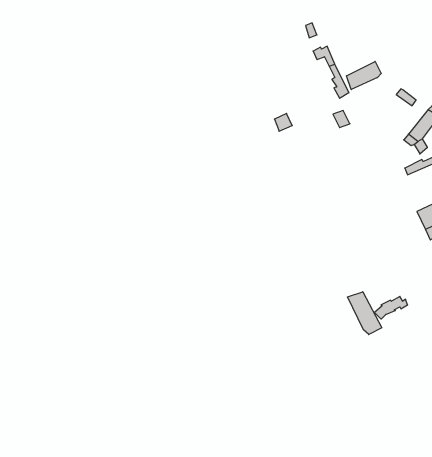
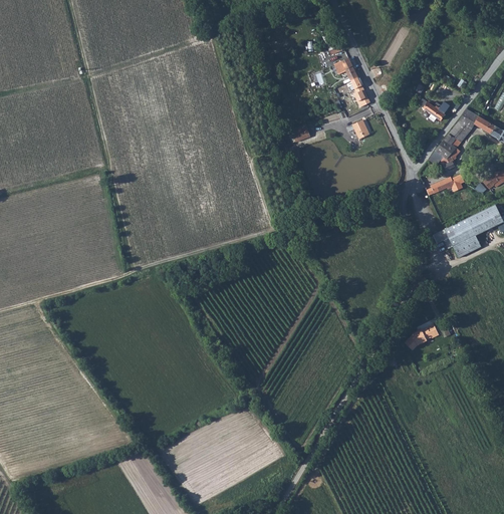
building: [347,61,381,90] -> none
building: [347,292,382,335] -> none

